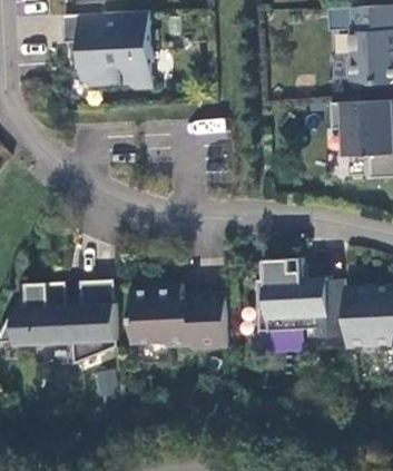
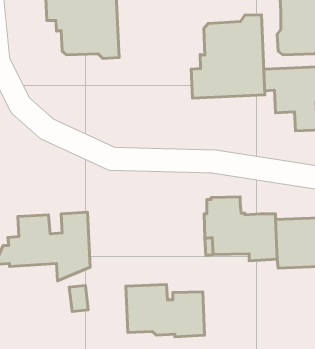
building: none -> [191,15,265,98]
building: [129,284,226,349] -> [126,285,205,337]

